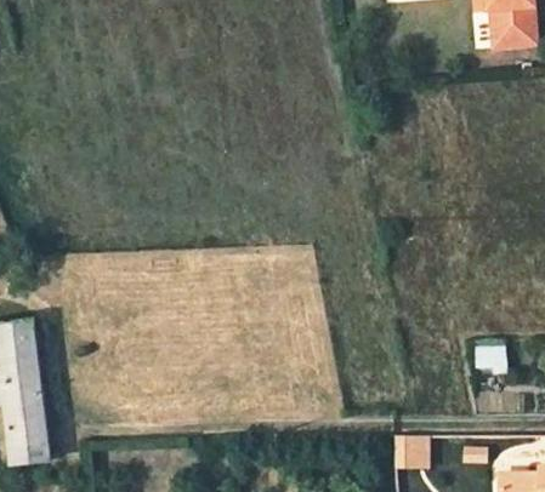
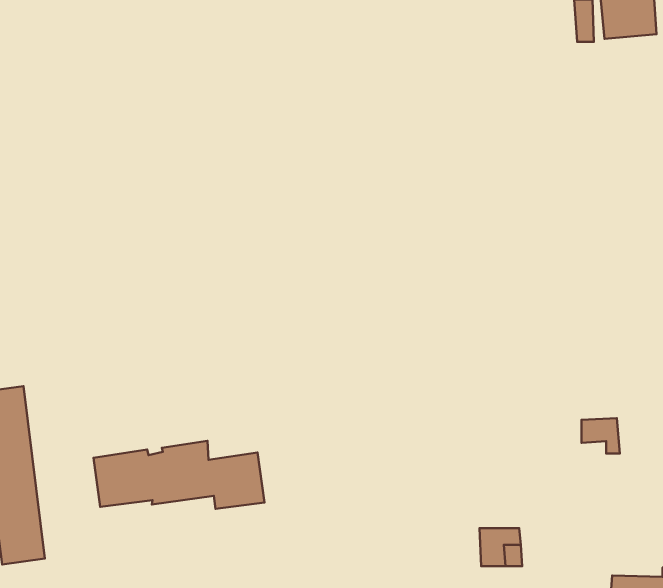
building: none -> [93,441,265,509]

